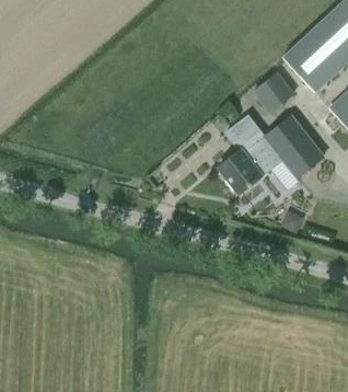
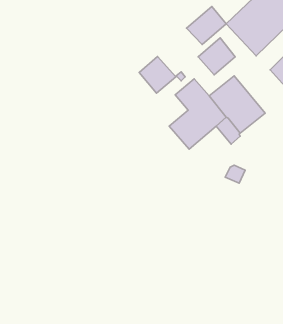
building: none -> [187,6,226,45]
building: none -> [139,57,176,93]

